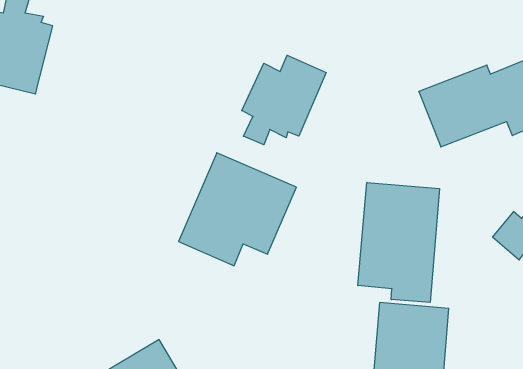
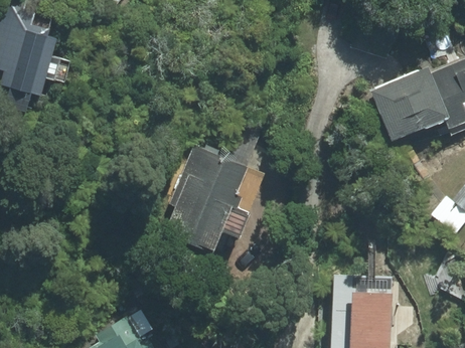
building: [242,55,326,145] -> none
building: [358,182,440,302] -> none

